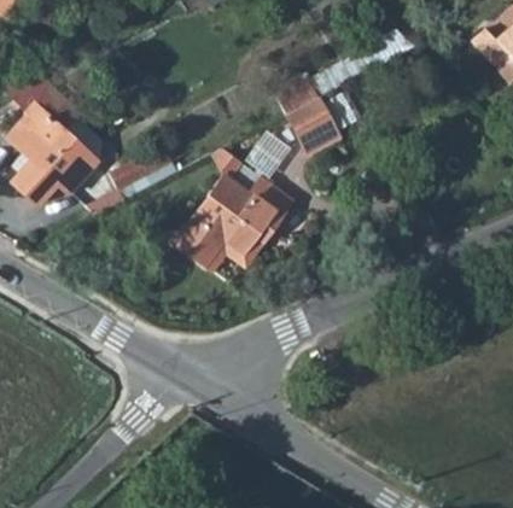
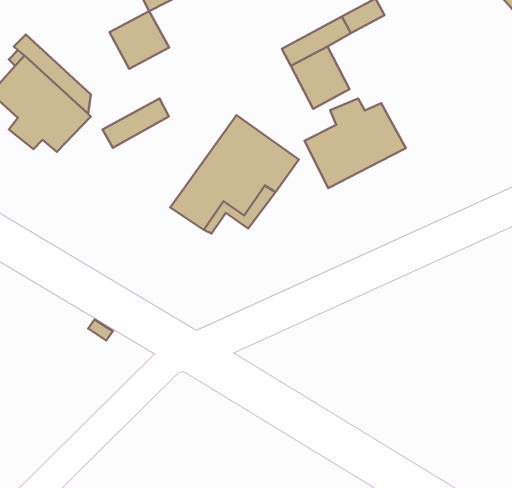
building: none -> [109,11,169,69]
building: [250,127,293,173] -> none
building: none -> [304,99,406,188]

